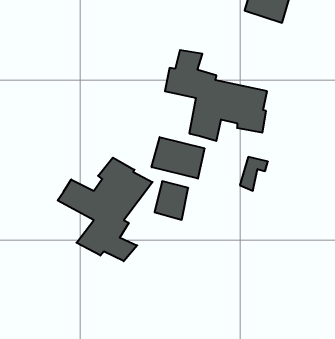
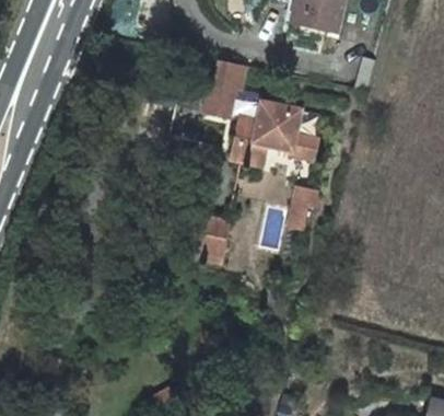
building: [152,137,204,179] -> none
building: [58,158,153,261] -> none

